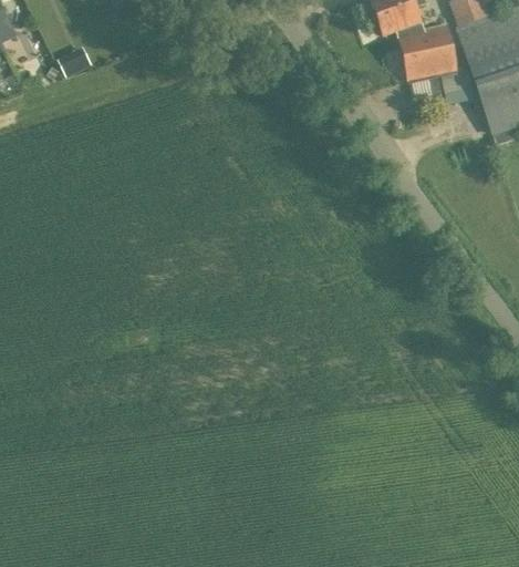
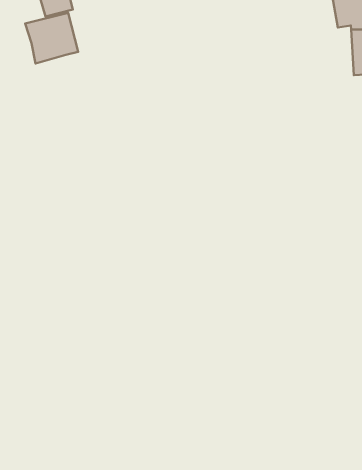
building: none -> [25,13,78,63]

